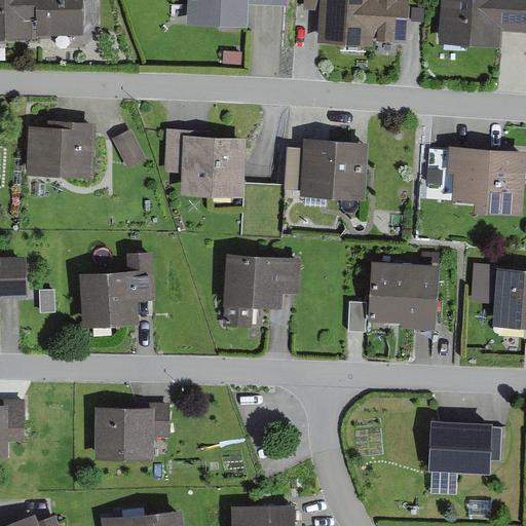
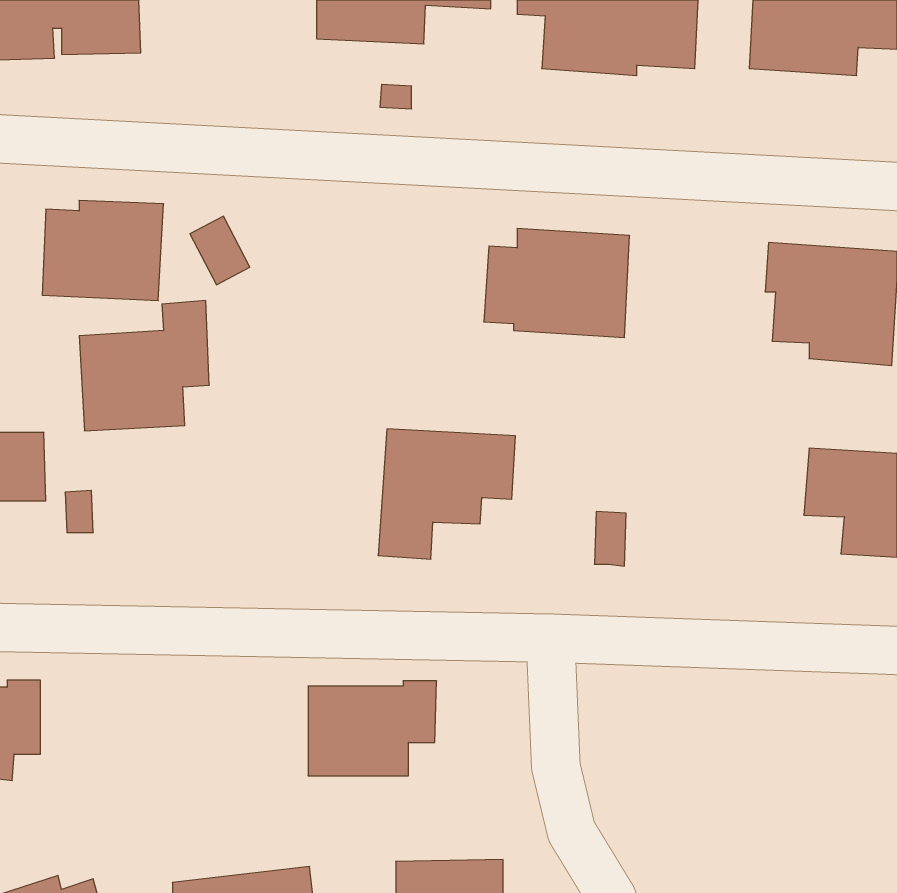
building: [164,129,247,197] -> none
building: [78,252,154,328] -> [79,301,209,431]
building: [368,254,440,331] -> none
building: [95,404,170,459] -> [308,681,437,776]
building: [428,420,503,475] -> none

